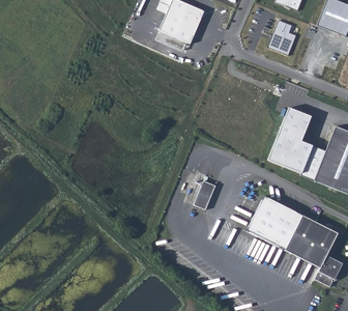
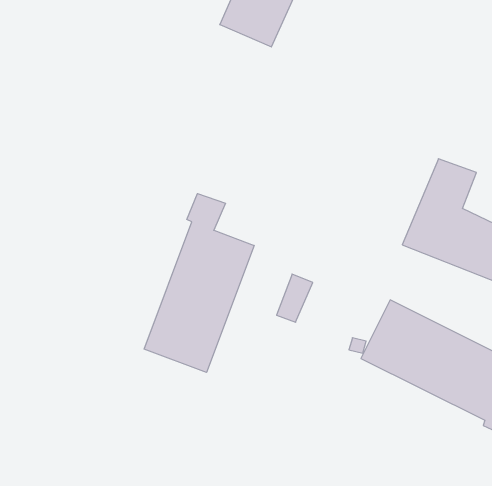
building: [269,19,297,54] -> none
building: none -> [144,194,254,372]

